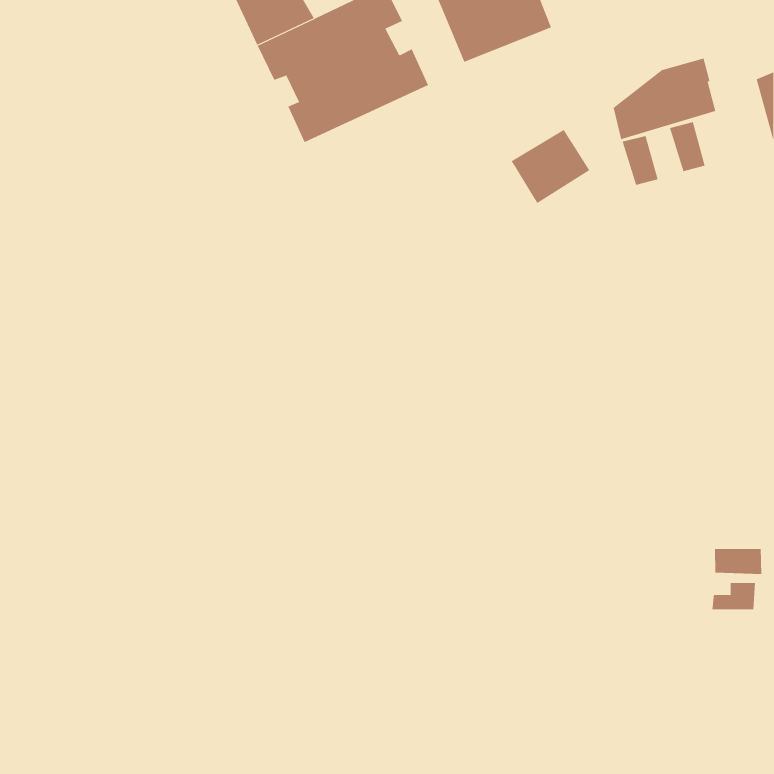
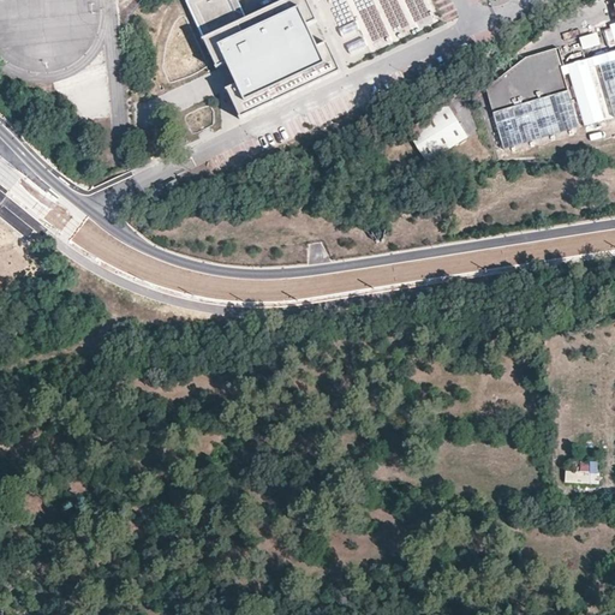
building: none -> [567,65,602,124]
building: none -> [548,91,577,131]
building: none -> [510,101,539,142]
building: [714,548,762,575] -> none

